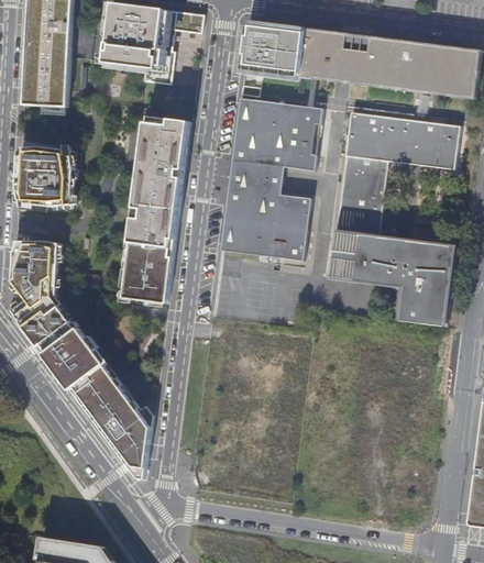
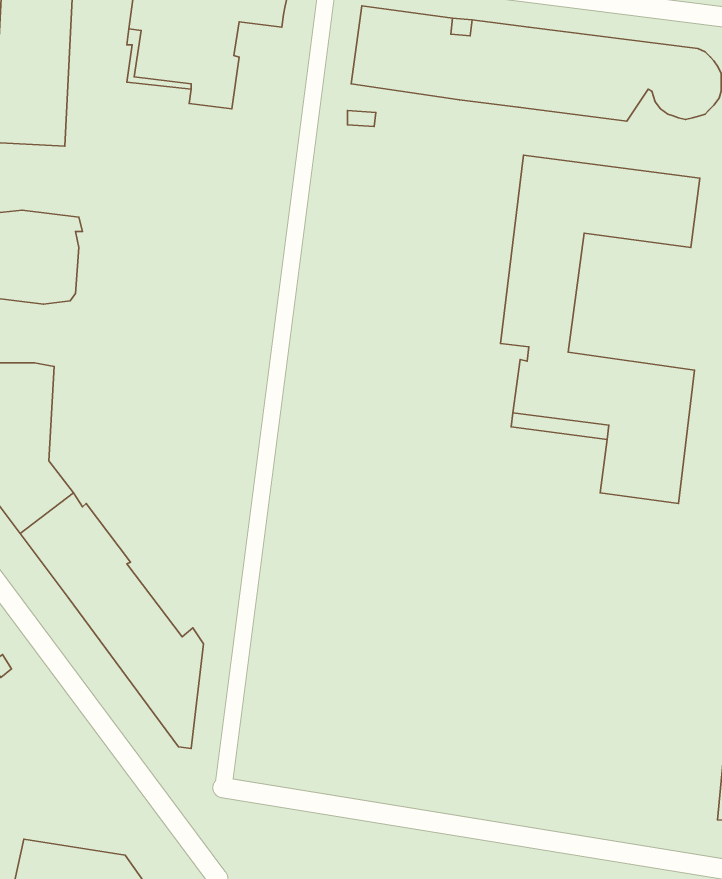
building: [218,97,320,261] -> none
building: [120,114,187,302] -> none
building: [326,228,351,279] -> none

